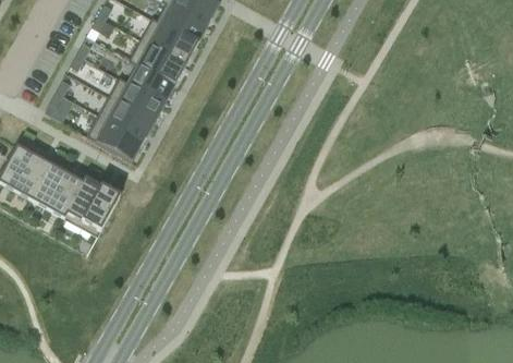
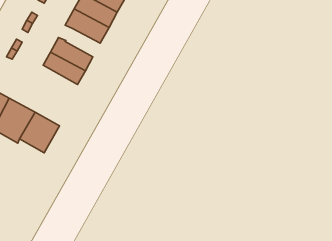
building: [129,64,175,102] -> none
building: [87,113,145,160] -> none

